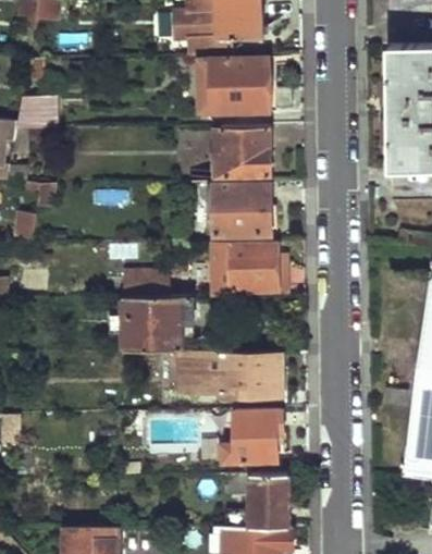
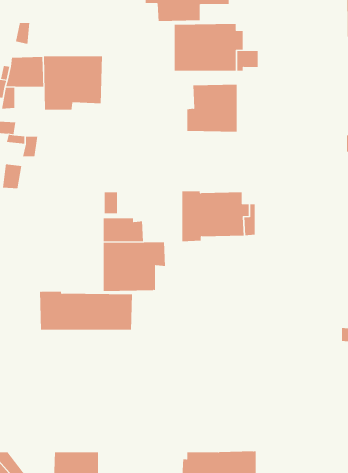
building: none -> [43,55,102,111]
building: [207,186,275,235] -> none
building: [177,350,280,393] -> [39,291,133,330]
building: [218,410,281,461] -> none
building: [247,472,286,527] -> none

